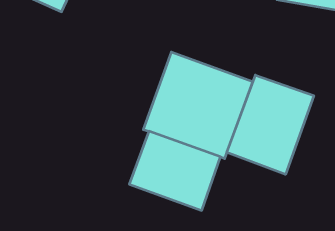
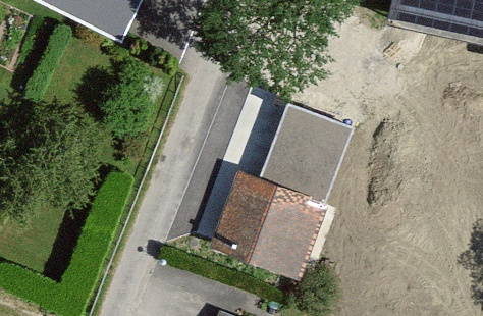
building: [227,75,314,174] -> none

